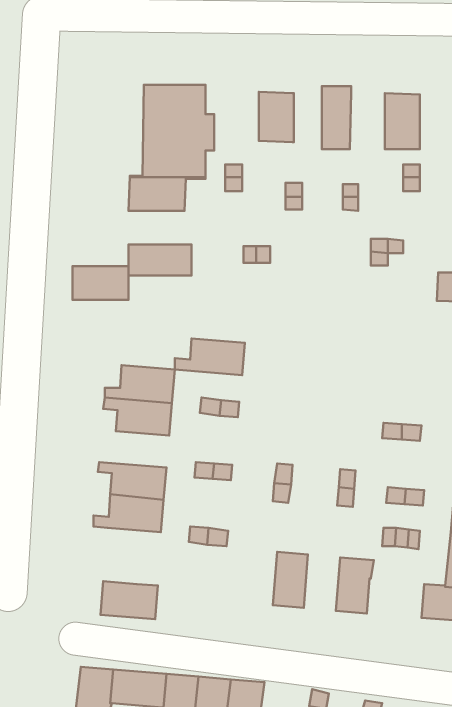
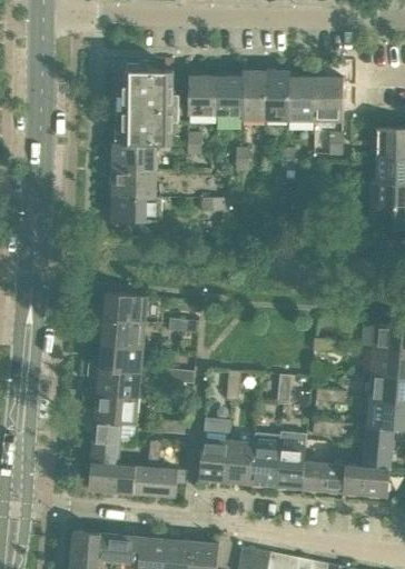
building: none -> [240,71,264,121]
building: none -> [187,76,214,114]
building: none -> [286,77,314,121]
building: [73,266,129,300] -> [110,170,155,197]
building: [175,339,245,375] -> [87,345,142,373]
building: none -> [198,418,229,482]
building: none -> [90,421,136,466]
building: none -> [249,433,279,487]
building: none -> [131,441,177,498]
building: none -> [299,461,345,492]

